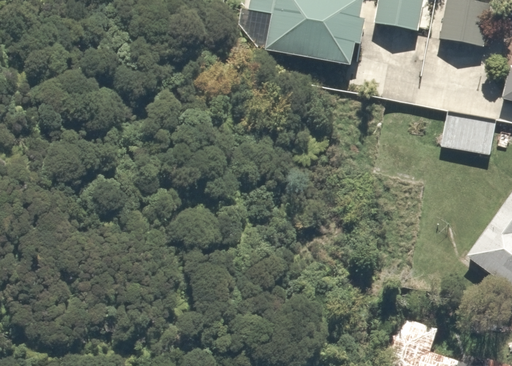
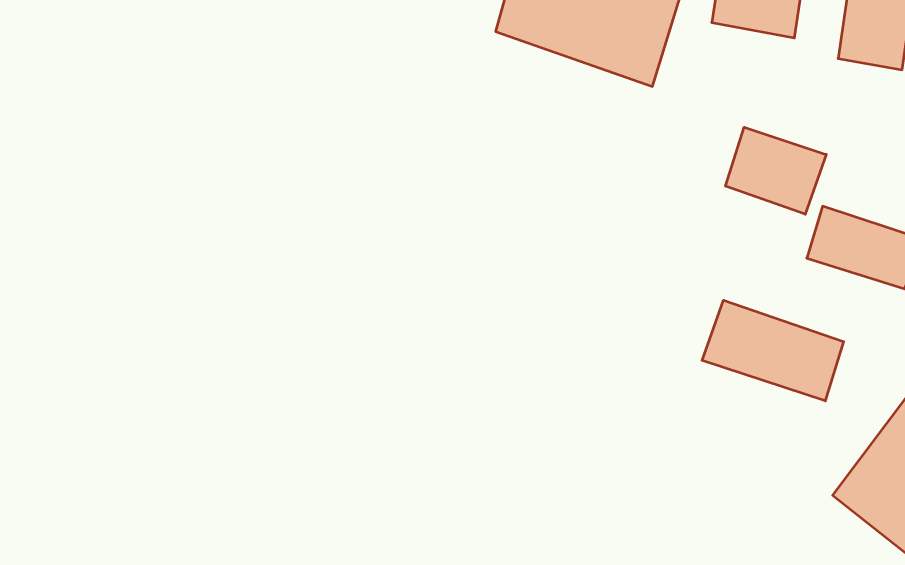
building: none -> [726,127,826,214]
building: none -> [702,300,844,401]

